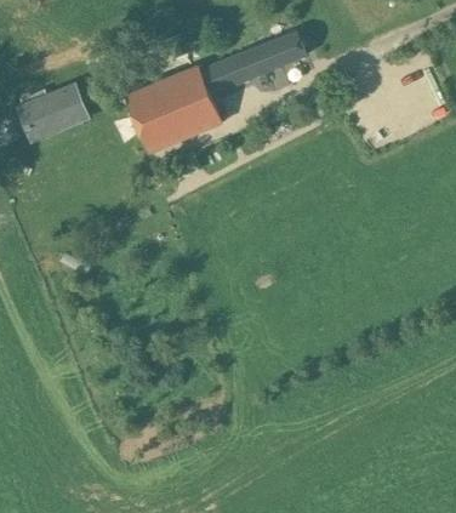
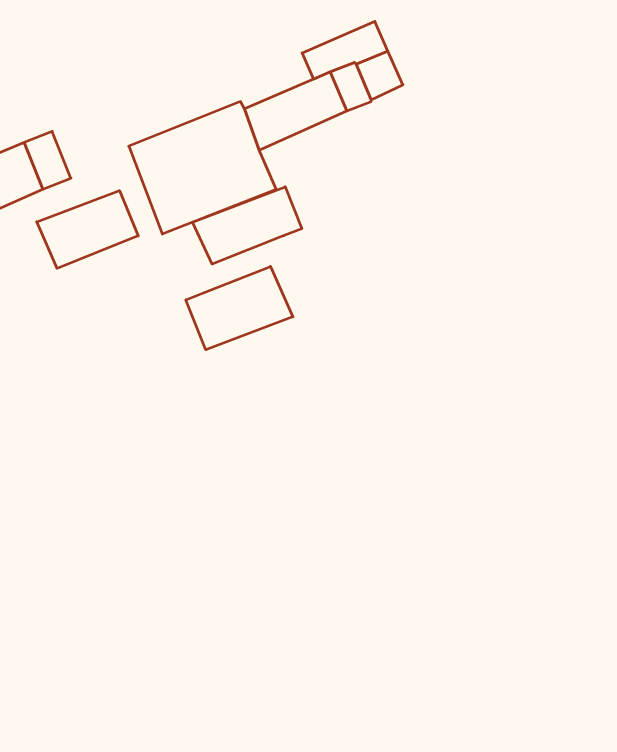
building: none -> [193,187,302,264]
building: none -> [37,191,138,268]
building: none -> [186,266,293,350]

